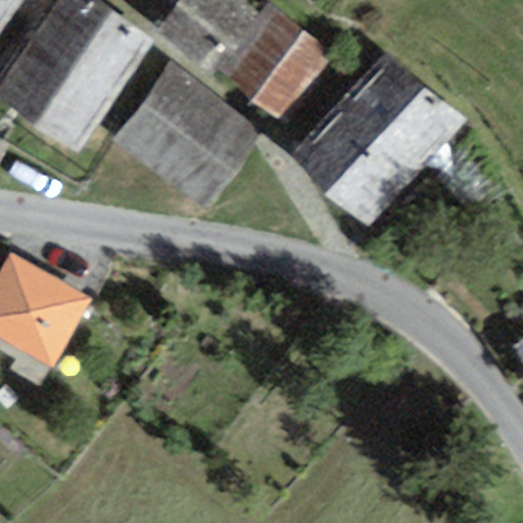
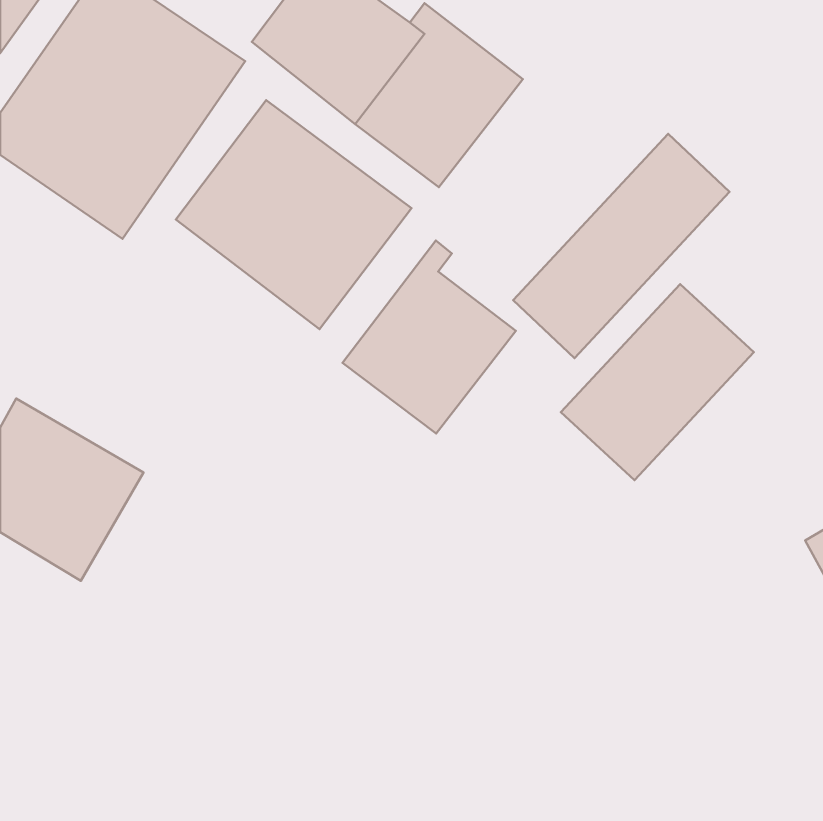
building: [289,51,424,190] -> none
building: none -> [343,240,516,433]
building: none -> [561,284,754,480]

